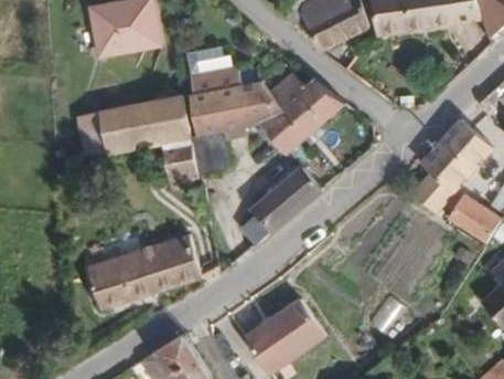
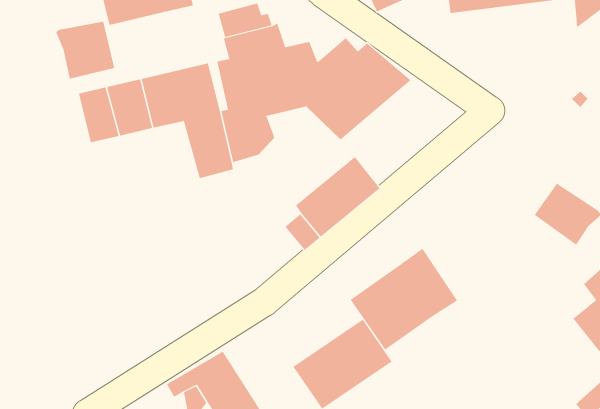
building: none -> [56,21,115,80]
building: [421,114,494,198] -> none
building: [86,231,203,315] -> none
building: none -> [350,248,458,350]

